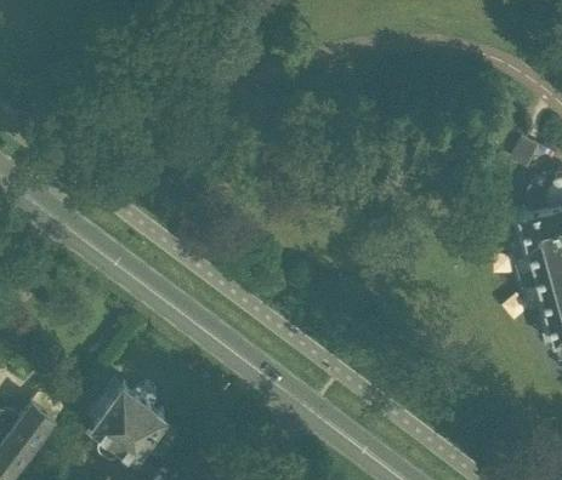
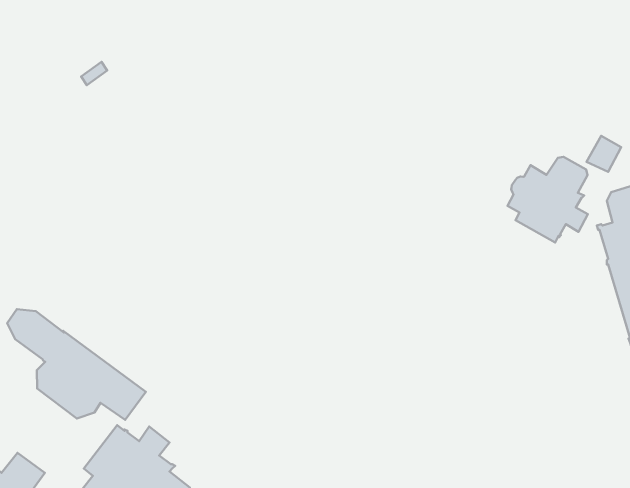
building: none -> [507,157,588,242]
building: none -> [7,309,146,420]

